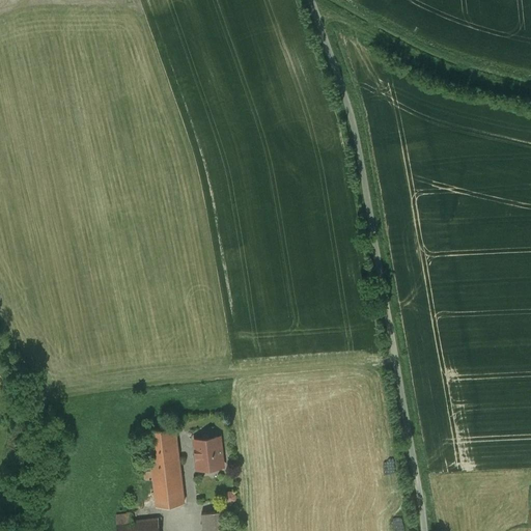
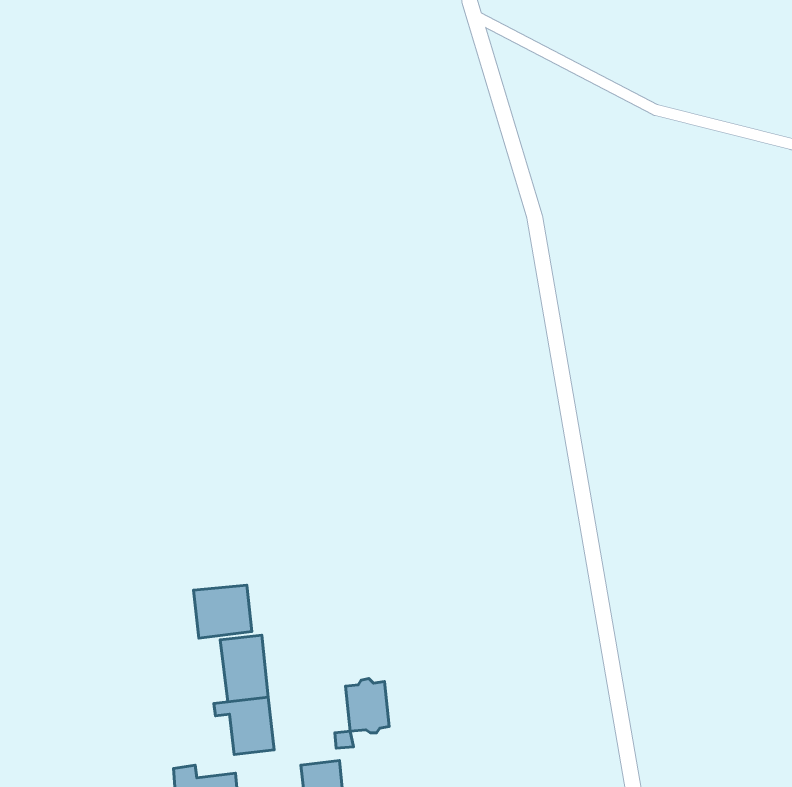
building: none -> [193,585,252,638]
building: [194,437,223,473] -> [346,679,389,733]

